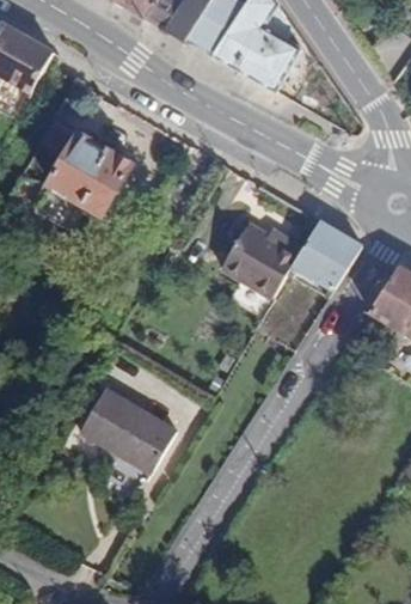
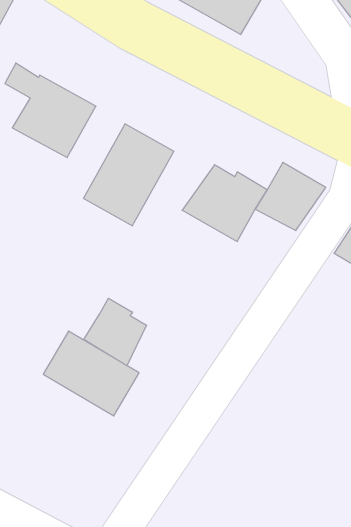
building: none -> [84,124,174,226]
building: none -> [84,298,146,366]

